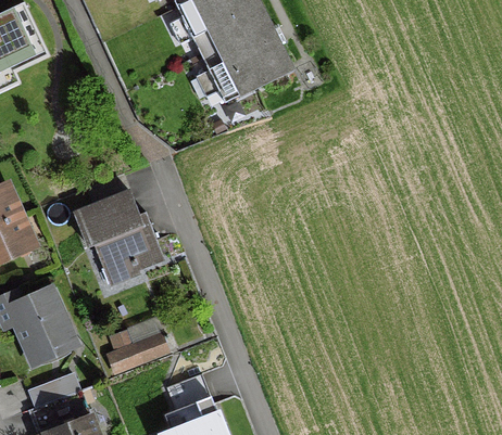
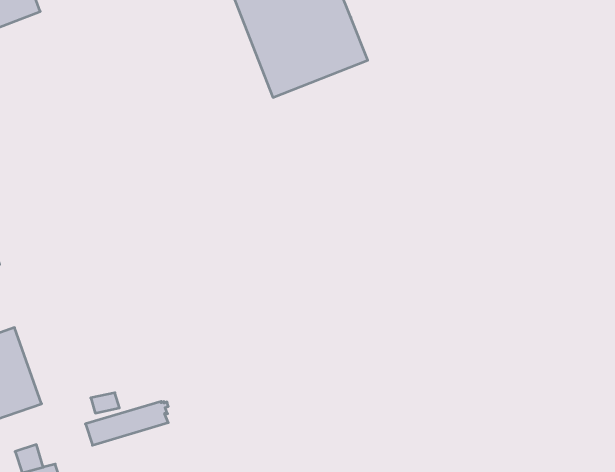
building: [76,191,162,270] -> none

